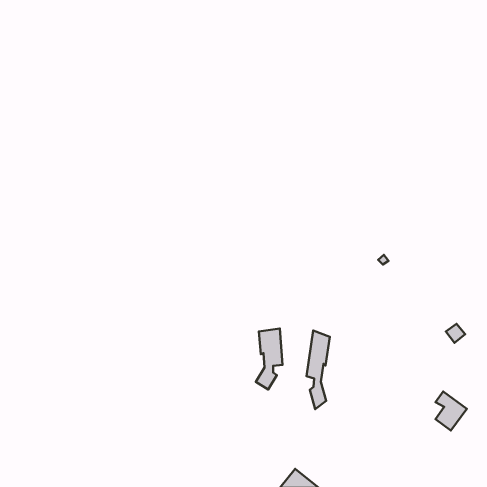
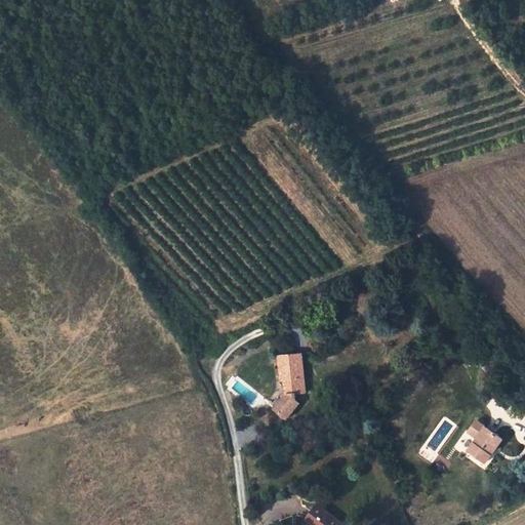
building: [307,331,330,409] -> none

